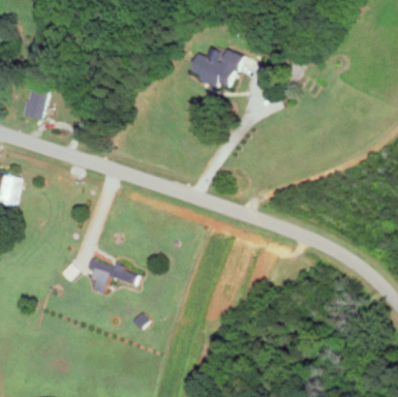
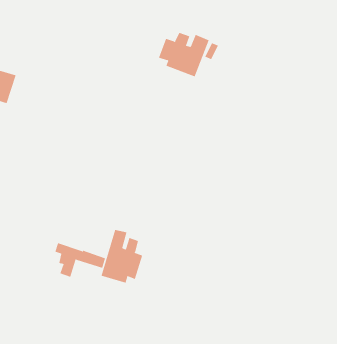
building: none -> [101,229,143,284]

